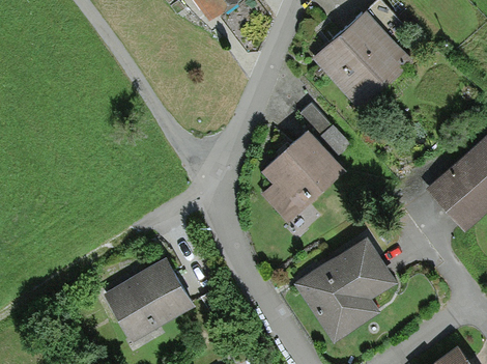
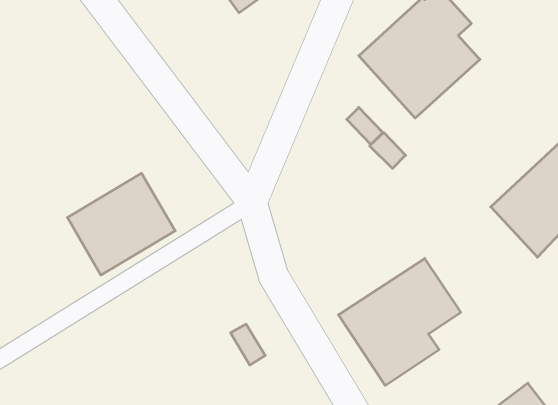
building: [260,128,347,225] -> none
building: [103,256,196,344] -> [67,173,175,275]

